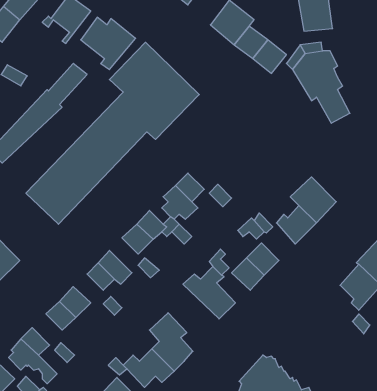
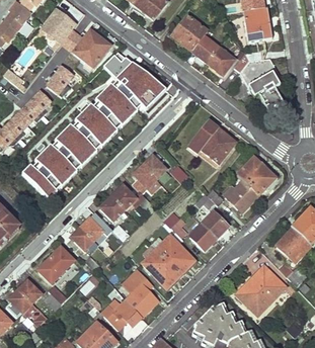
building: none -> [188,121,233,164]
building: none -> [142,246,179,287]
building: none -> [237,267,286,315]

